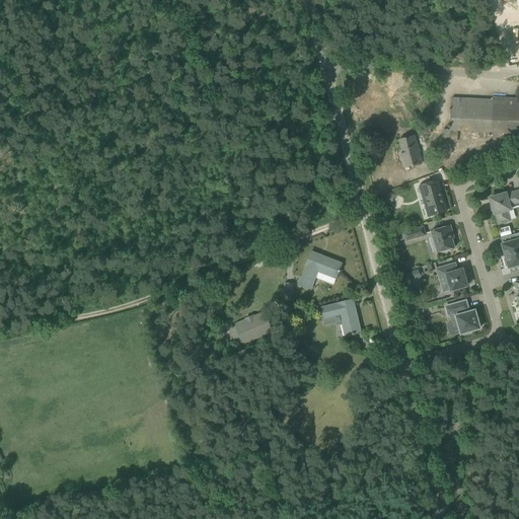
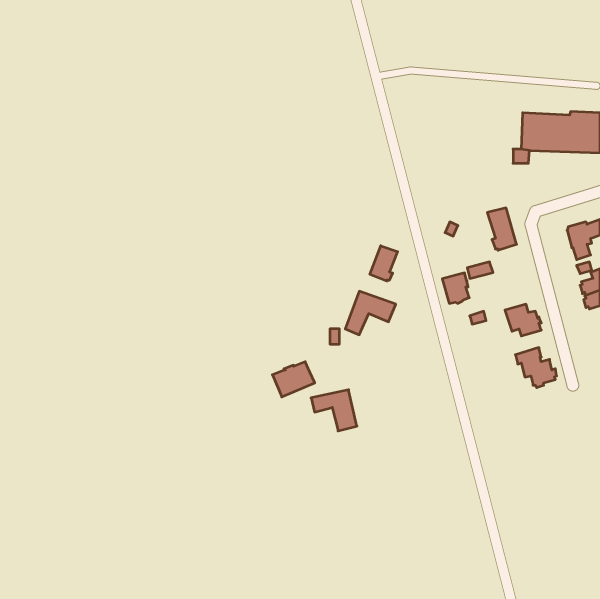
building: [398,135,422,167] -> none
building: none -> [370,246,398,281]
building: [431,225,454,251] -> [442,273,469,303]
building: [320,299,360,335] -> [311,390,357,431]

